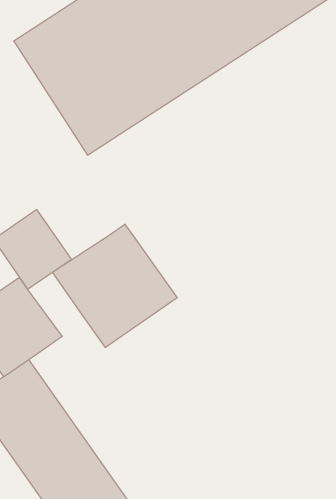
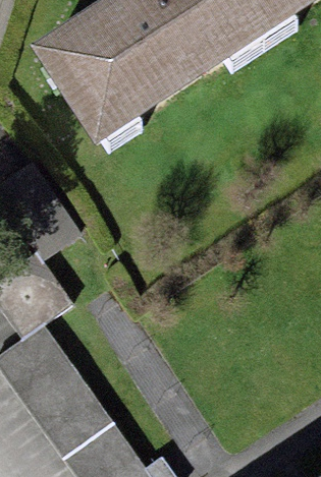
building: [52,224,177,348] -> none

